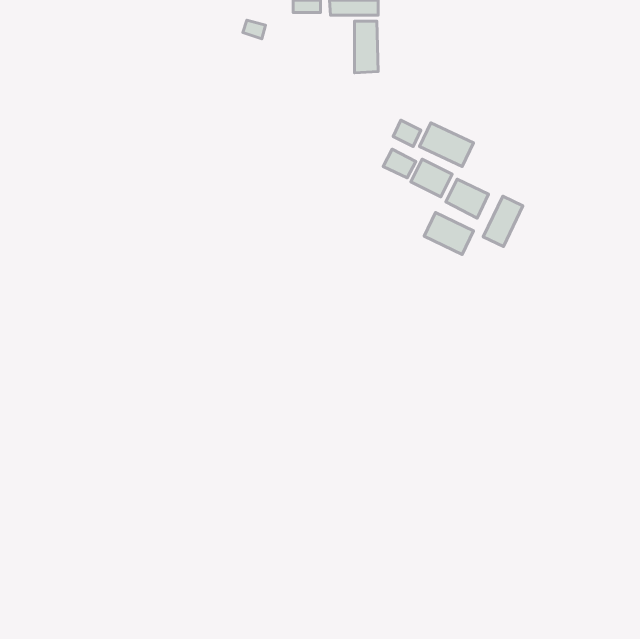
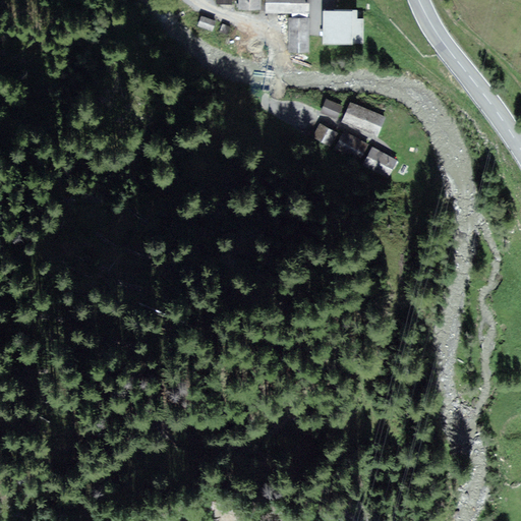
building: none -> [322,6,363,43]
building: [483,196,523,246] -> none
building: [424,213,474,254] -> none

